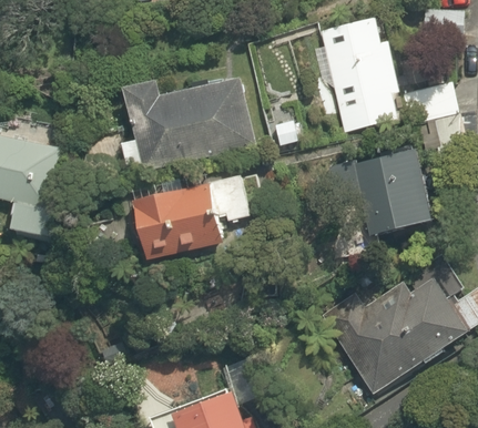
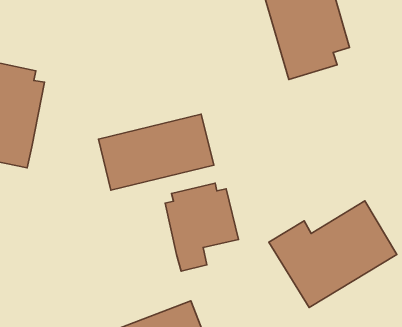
building: [119,78,253,174] -> none
building: [344,145,435,240] -> none
building: none -> [165,183,238,271]

